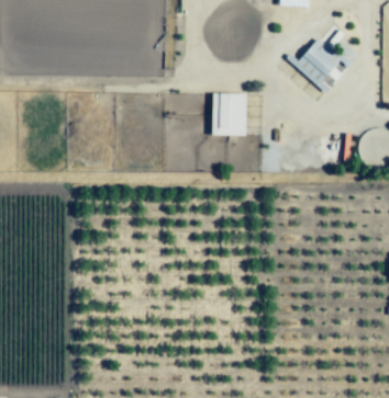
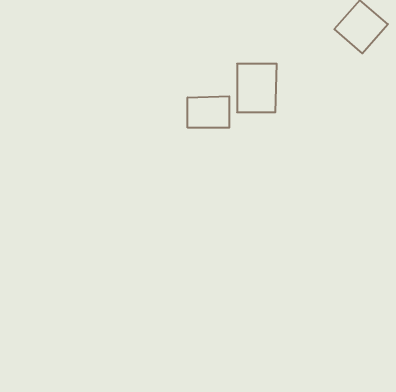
building: none -> [188,96,229,128]

